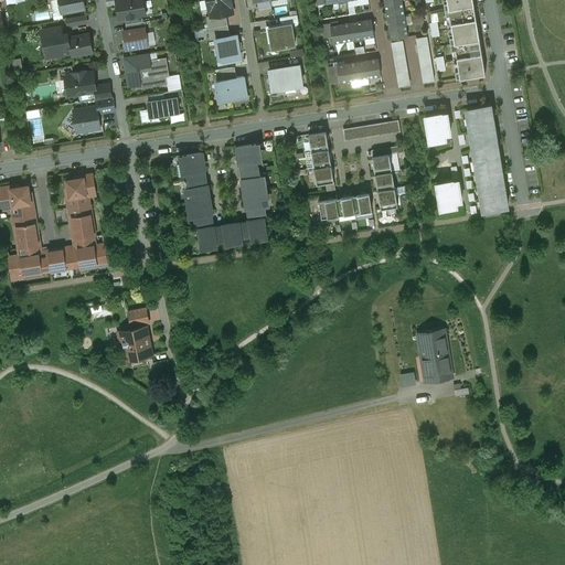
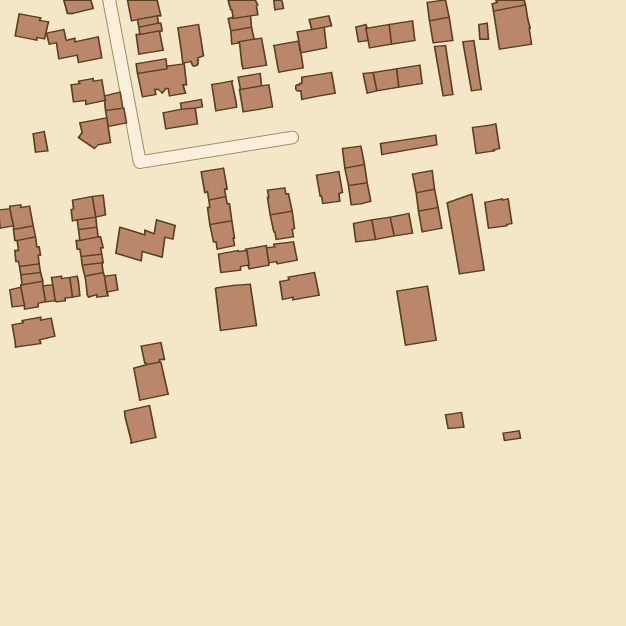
building: none -> [15,14,48,40]
building: none -> [178,25,203,66]
building: none -> [274,41,303,72]
building: [449,41,484,79] -> none
building: none -> [212,81,237,111]
building: [467,105,493,134] -> none
building: [473,140,507,212] -> [447,194,484,274]
building: [235,143,258,172] -> [317,172,342,203]
building: none -> [116,220,175,261]
building: none -> [280,272,319,300]
building: none -> [216,284,257,330]
building: none -> [12,317,55,347]
building: [416,329,451,382] -> [397,286,436,345]
building: none -> [124,406,156,443]

